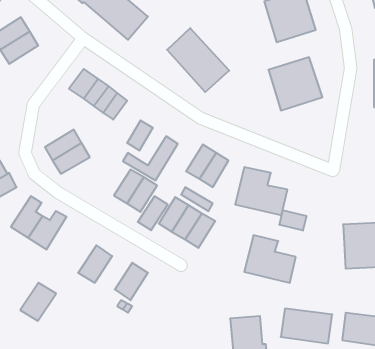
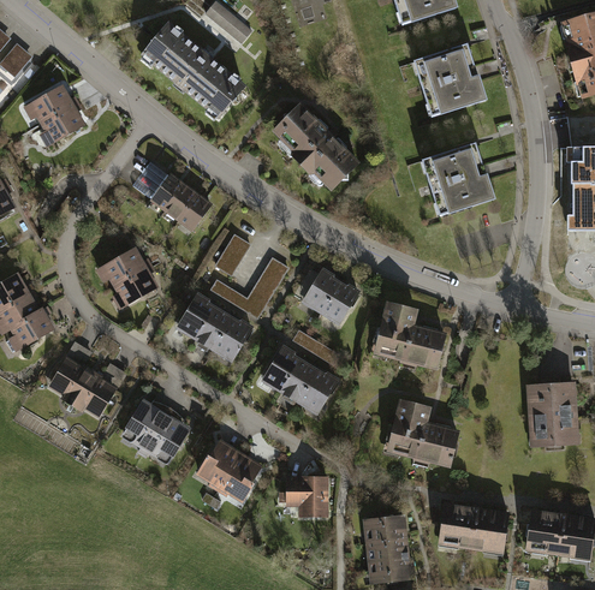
building: [138,196,168,230] -> [175,292,219,341]
building: [279,210,306,231] -> none
building: none -> [219,453,266,506]
building: [20,283,56,321] -> [118,398,169,453]
building: none -> [278,476,328,518]

